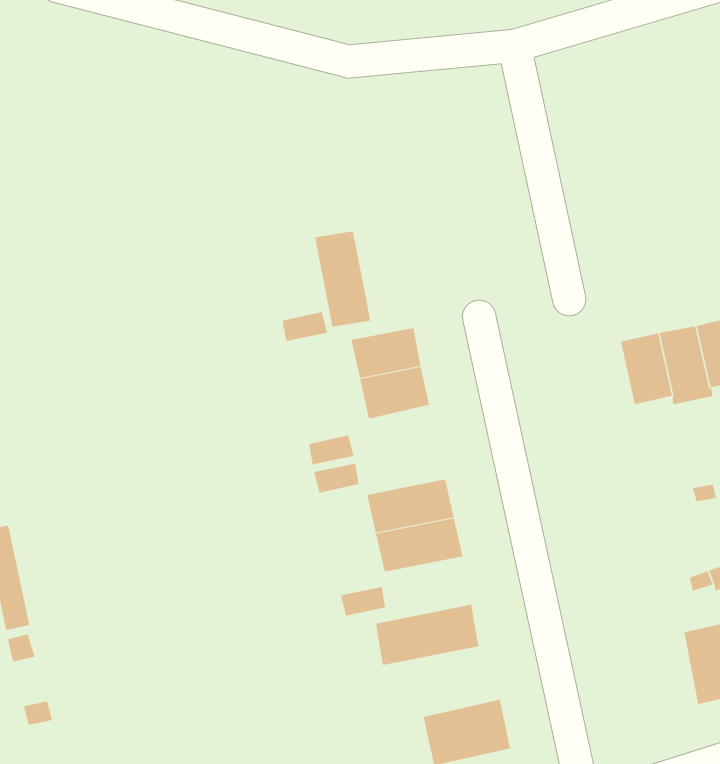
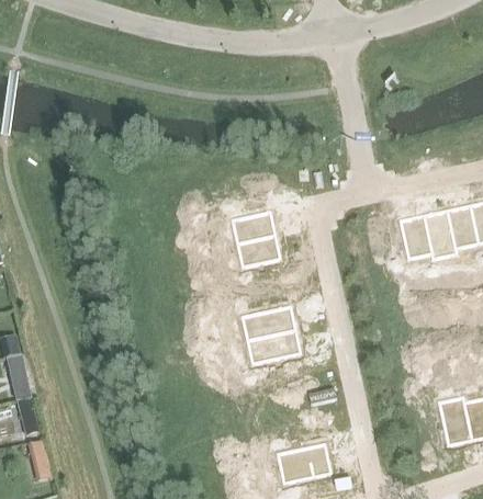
building: [315,231,371,327] -> none
building: [375,604,479,666] -> none

